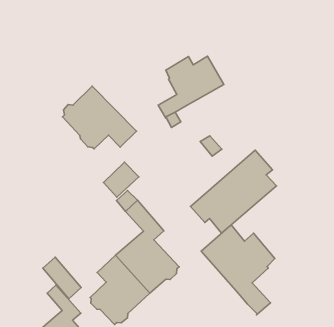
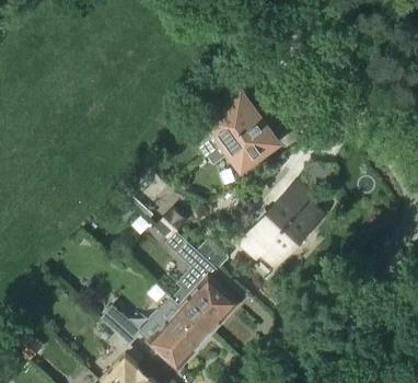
building: none -> [225,120,279,171]
building: [63,86,136,149] -> none
building: [201,225,275,315] -> none

